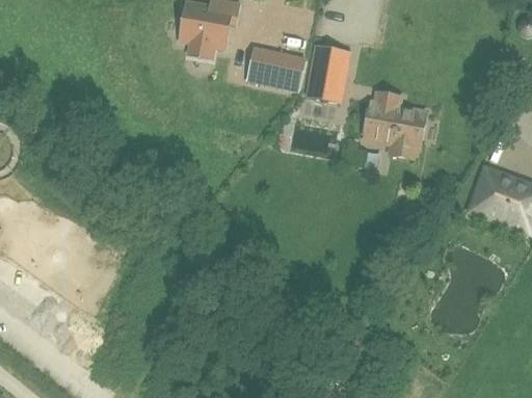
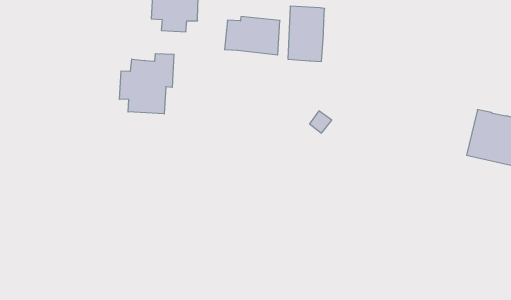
building: none -> [119,54,174,114]
building: [364,91,426,157] -> none

